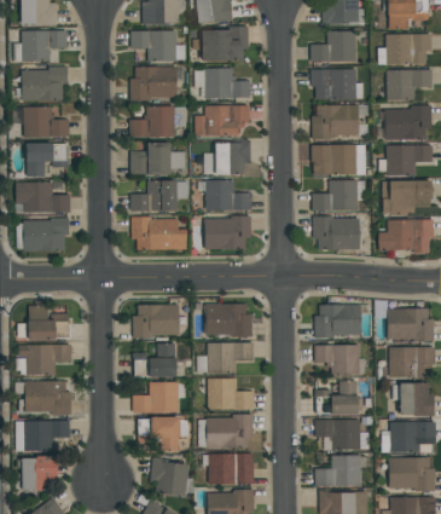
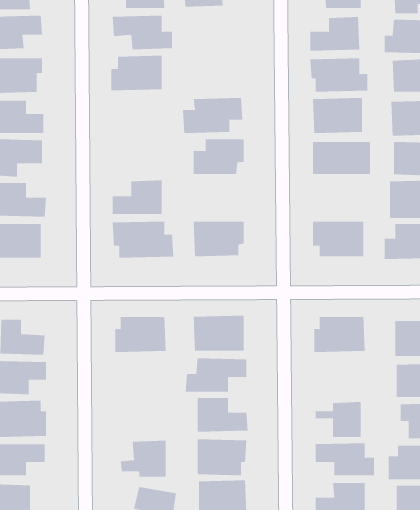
building: [202,28,249,62] -> none
building: [204,69,250,99] -> none
building: [130,106,174,138] -> none
building: [130,143,170,175] -> none
building: [205,180,253,212] -> none
building: [312,180,365,212] -> none
building: [134,343,176,377] -> none
building: [314,346,362,376] -> none
building: [133,382,179,414] -> none

